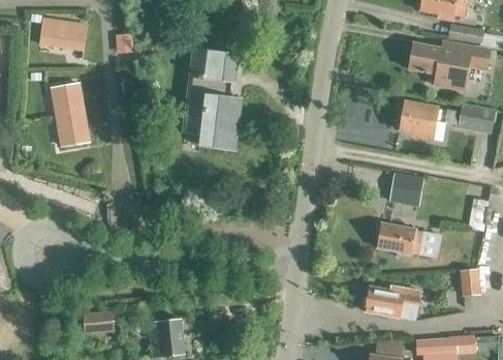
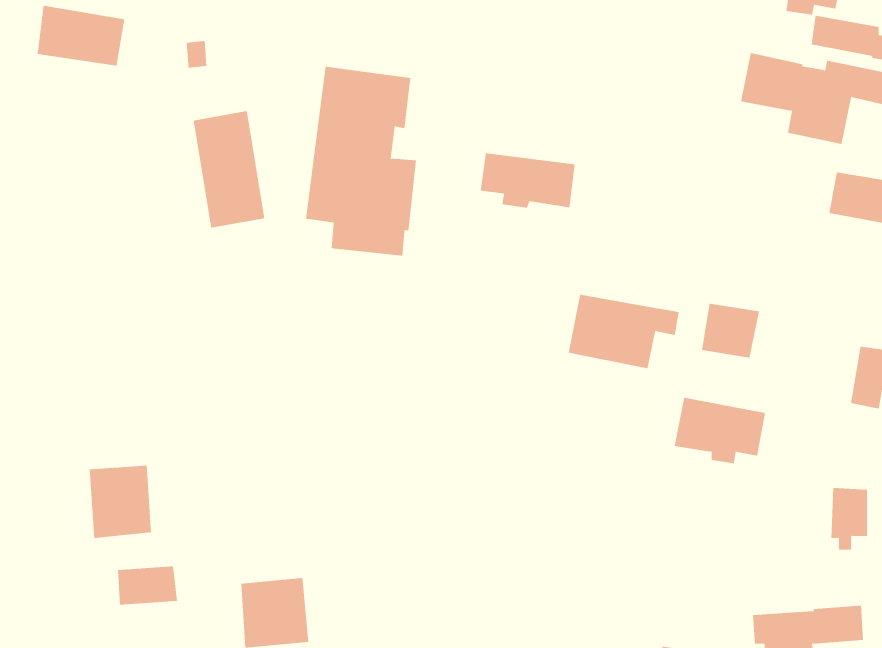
building: [51,83,89,145] -> [193,111,265,228]
building: none -> [480,152,575,208]
building: [401,101,460,141] -> [568,294,679,369]
building: none -> [89,465,152,539]
building: [364,286,417,320] -> none

